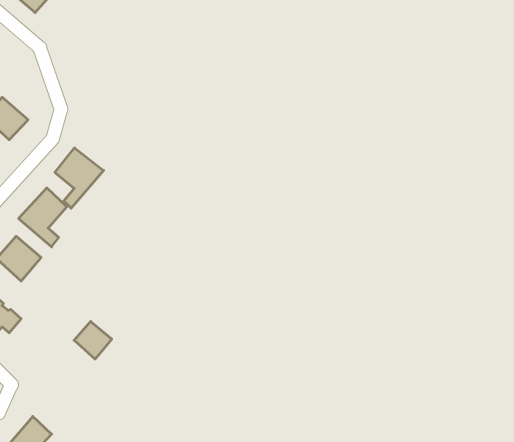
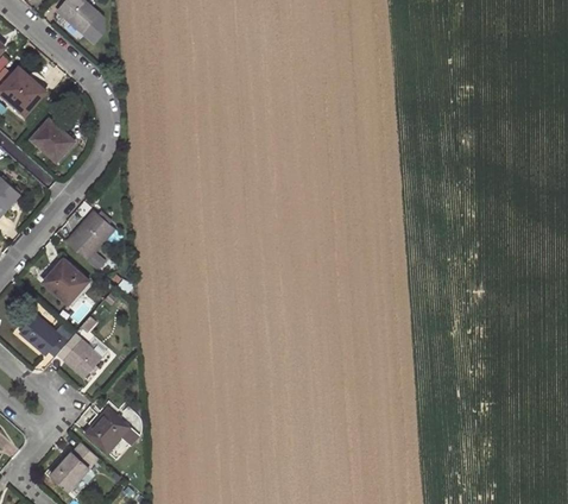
building: [55,148,104,208] -> none
building: [74,321,112,359] -> [64,339,102,377]
building: none -> [84,405,131,452]

